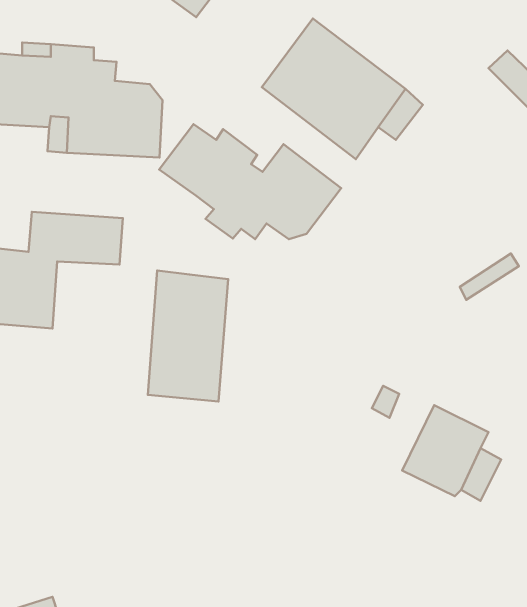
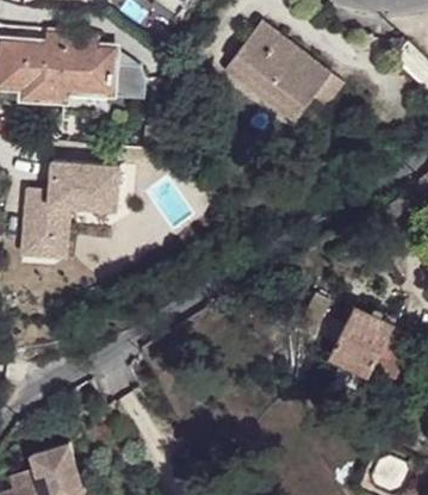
building: [159,124,341,239] -> none
building: [148,270,228,401] -> none

